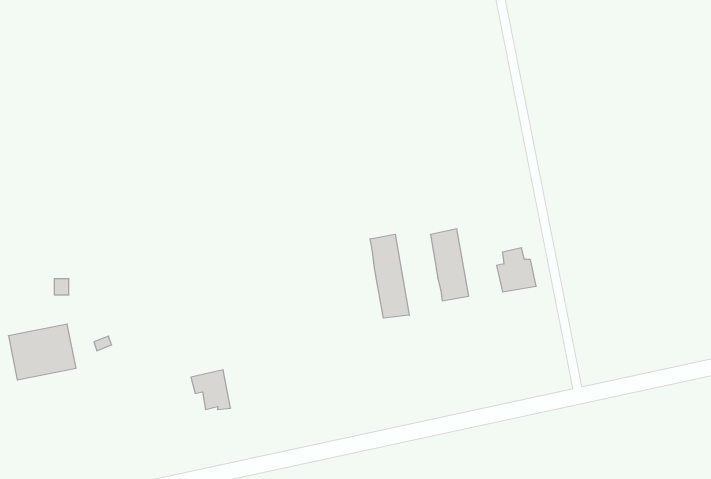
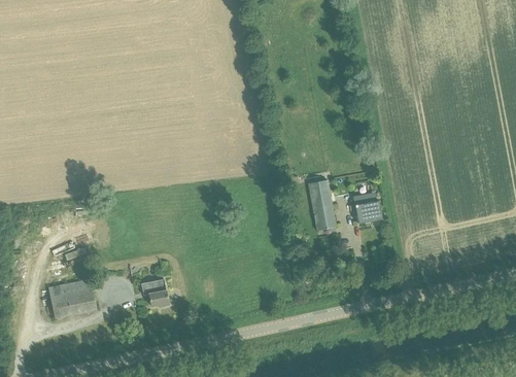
building: [370,234,409,318] -> none
building: [8,324,76,380] -> [48,278,96,317]

